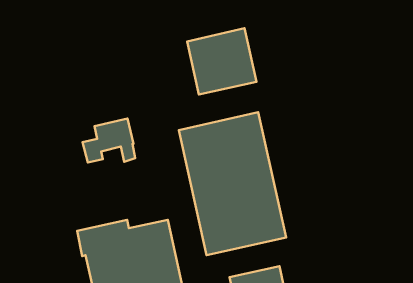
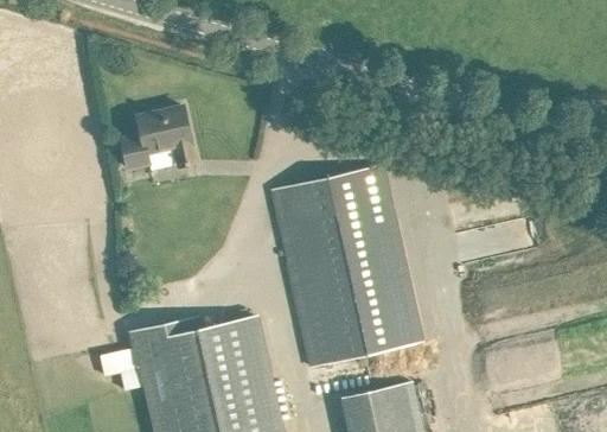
building: [187,28,256,94] -> none
building: [83,119,135,163] -> [121,107,194,169]

